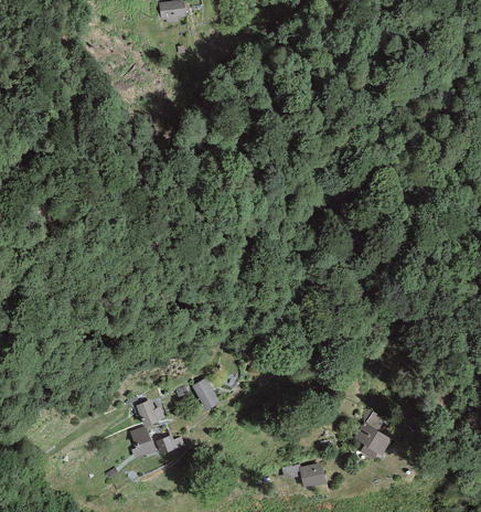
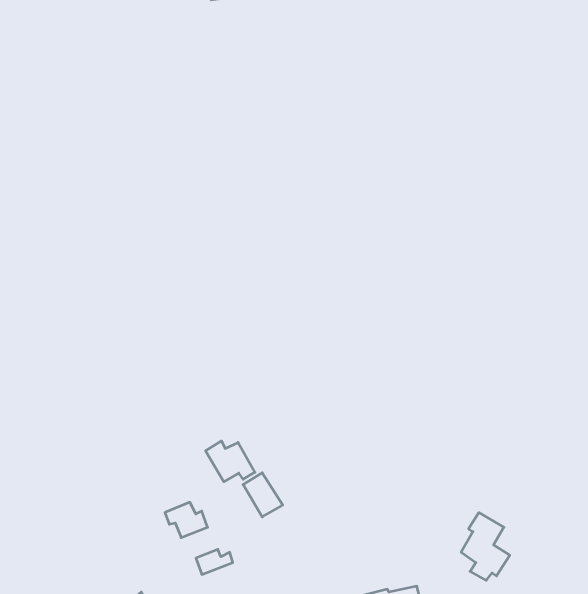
building: none -> [206,441,255,482]
building: [130,425,156,459] -> none

